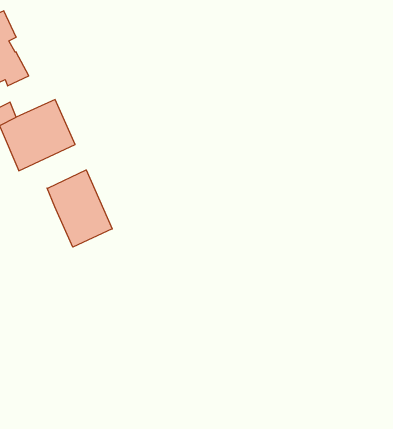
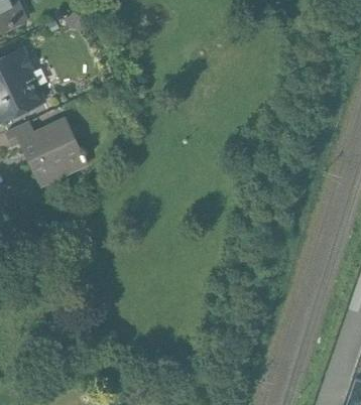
building: [47,170,112,247] -> none

